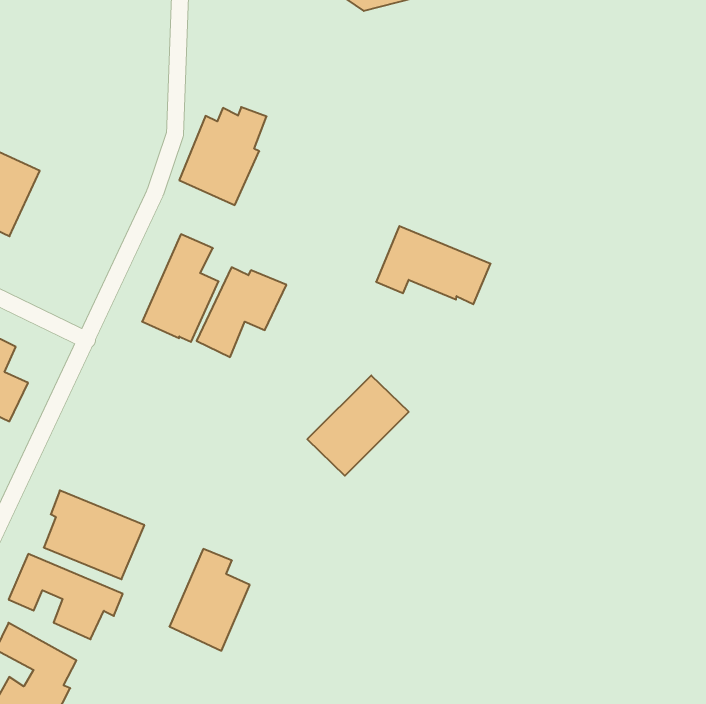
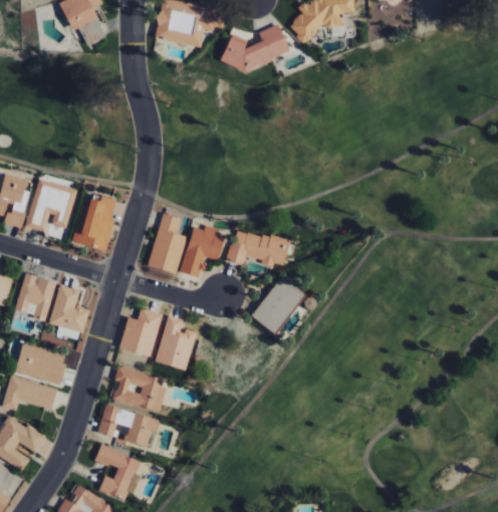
building: [179,107,267,205] -> [72,197,115,252]
building: [376,226,491,304] -> [227,228,289,265]
building: none -> [118,307,162,355]
building: [169,549,250,651] -> [155,315,196,370]

